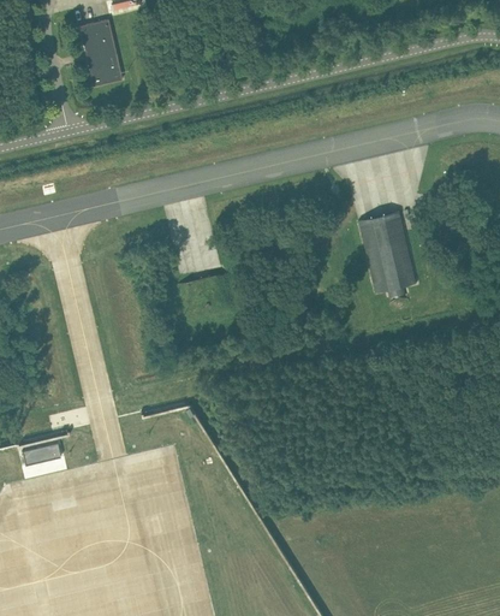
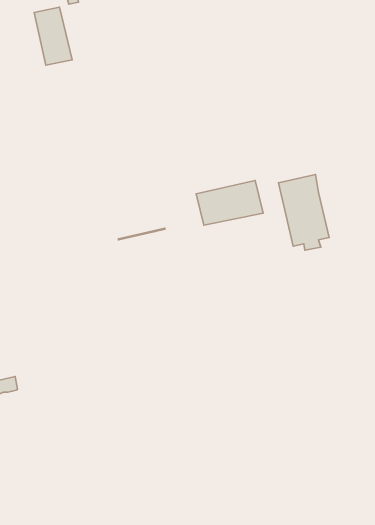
building: none -> [196,180,263,225]

